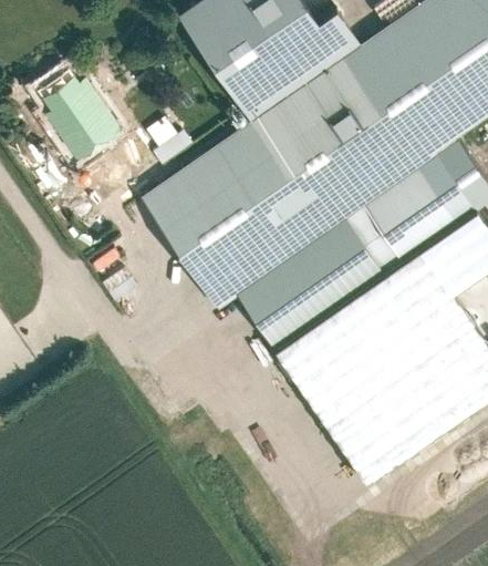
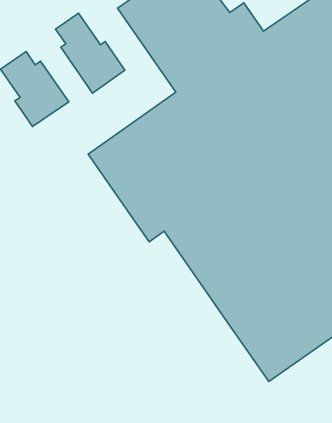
building: none -> [55,13,125,93]

